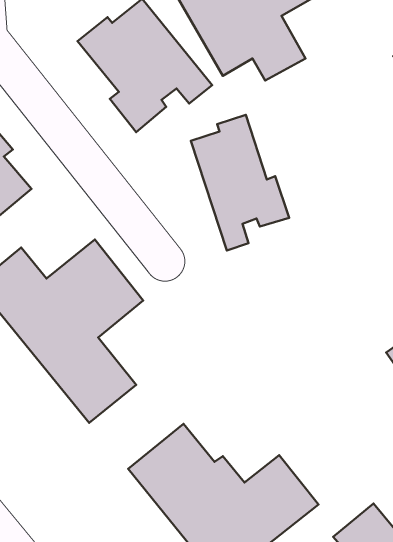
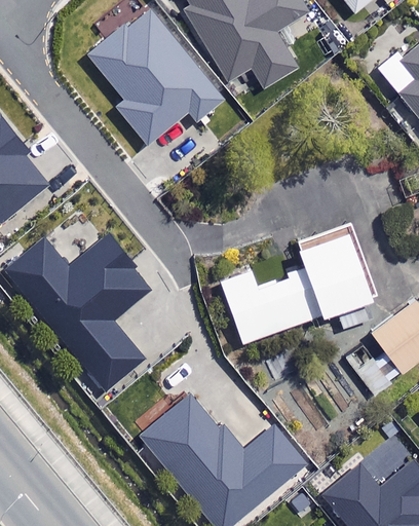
building: [191,115,289,250] -> none
building: none -> [222,225,372,343]

